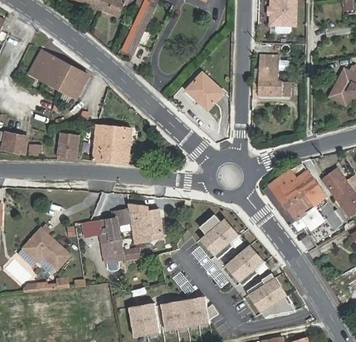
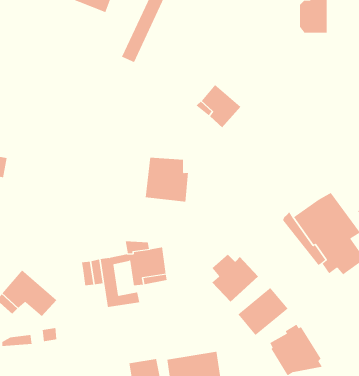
building: [253,48,283,96] -> none
building: [30,49,89,98] -> none
building: [93,125,130,163] -> [145,157,189,202]
building: [57,132,79,157] -> none

